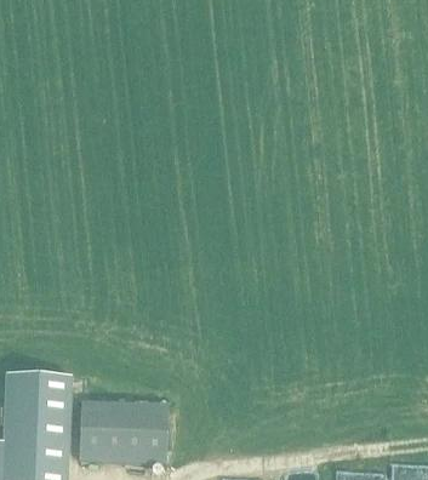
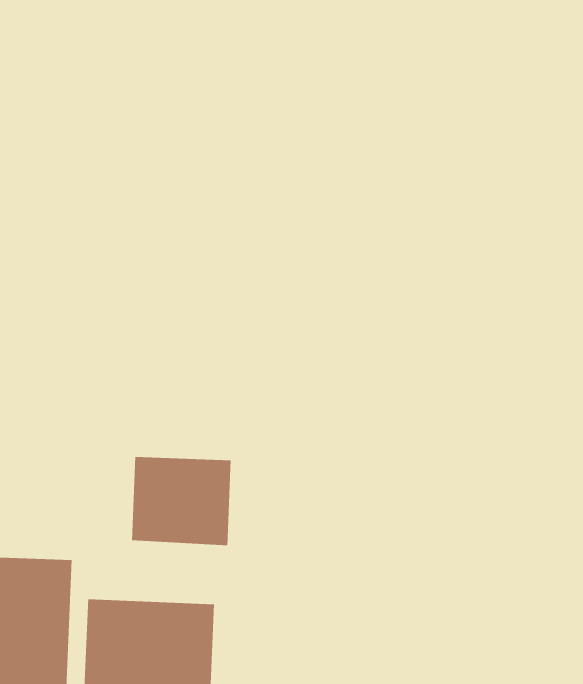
building: none -> [131,456,232,546]

